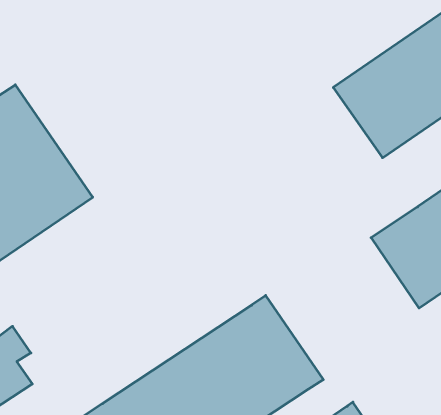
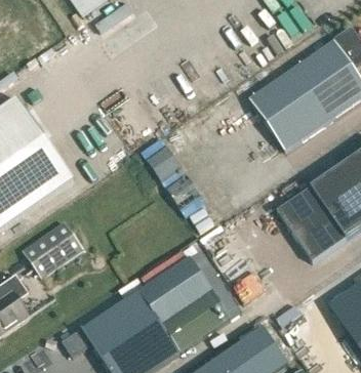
building: none -> [23,222,82,277]

